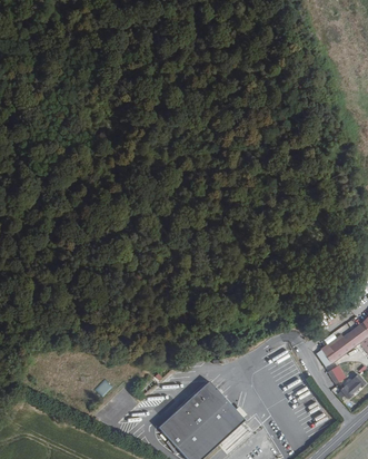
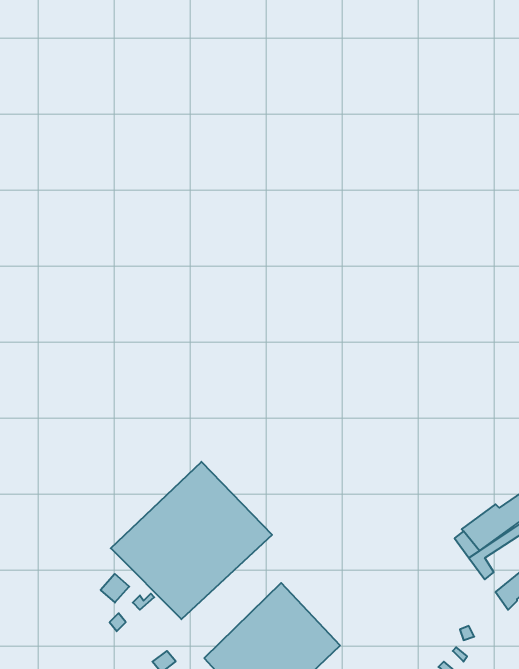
building: none -> [111,462,272,619]

